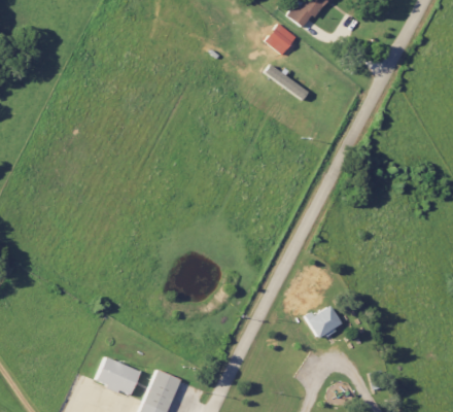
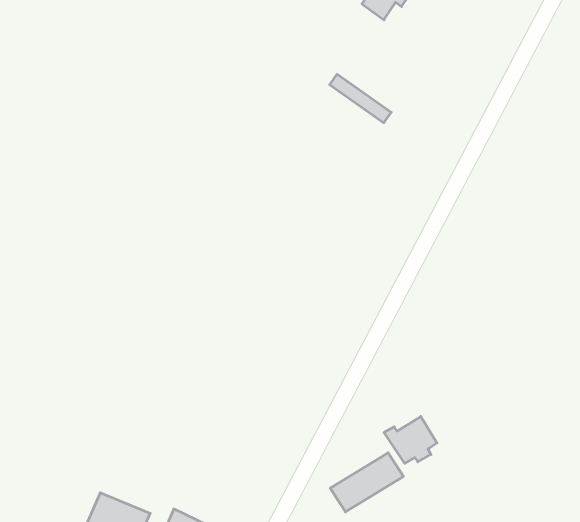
building: [266,23,297,54] -> none
building: none -> [330,453,403,512]

